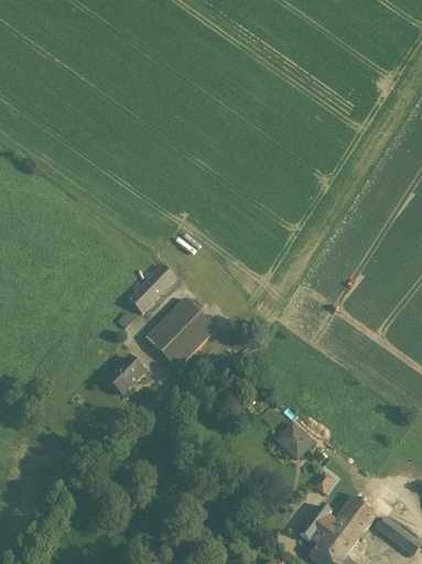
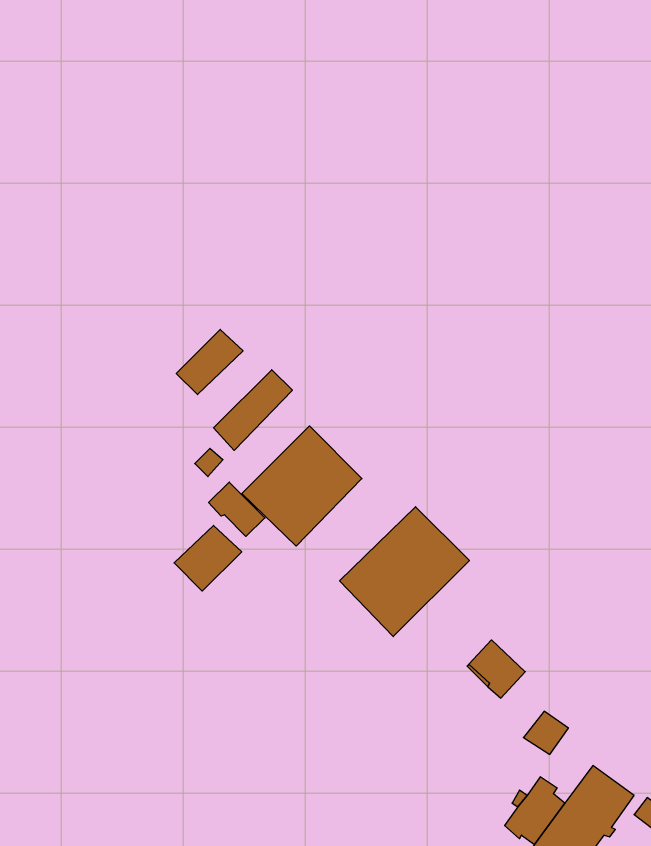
building: none -> [176,329,243,395]
building: none -> [209,482,265,536]
building: none -> [340,507,469,637]

